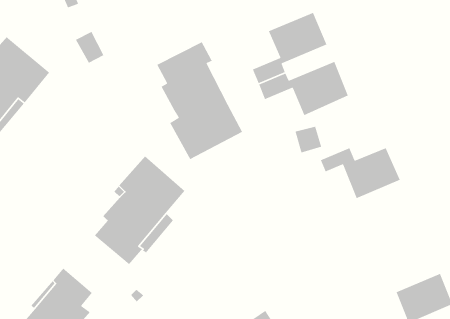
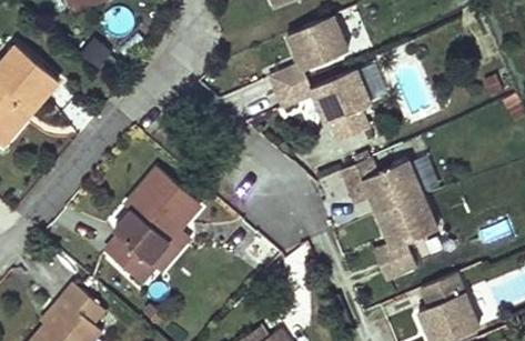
building: [156,41,243,160] -> none
building: none -> [371,193,438,280]

